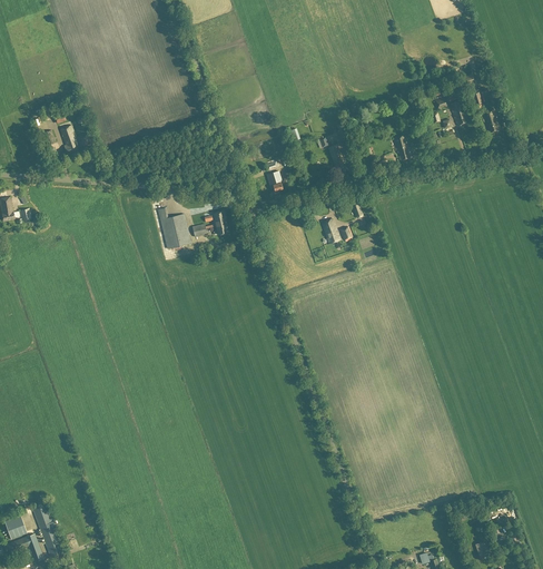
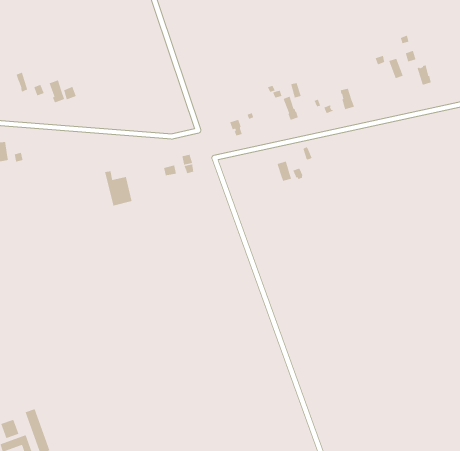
building: [157,207,189,248] -> [104,170,132,206]

